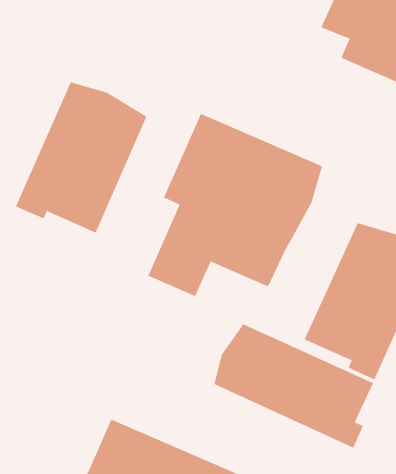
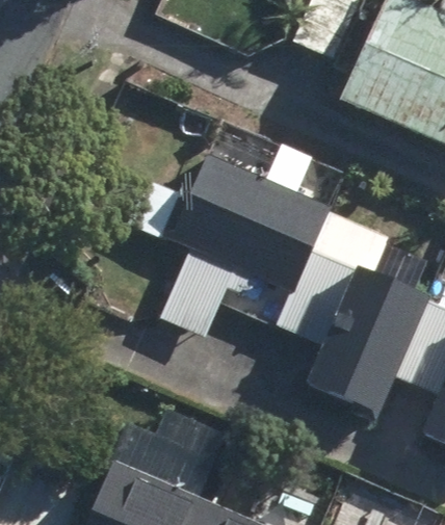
building: [15,81,147,234] -> none
building: [214,323,374,449] -> none

